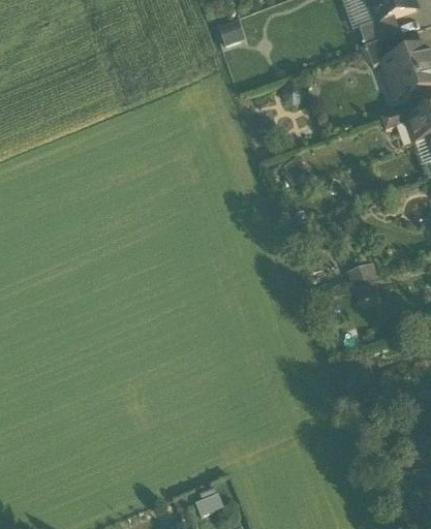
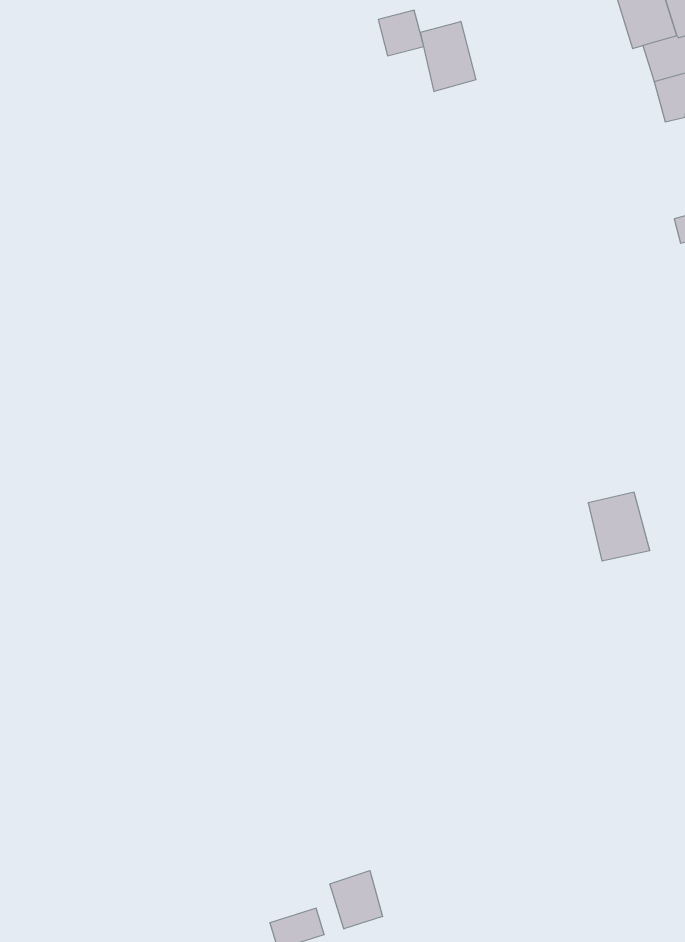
building: none -> [420,21,476,92]
building: none -> [330,871,383,929]

